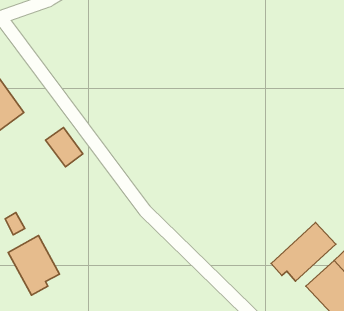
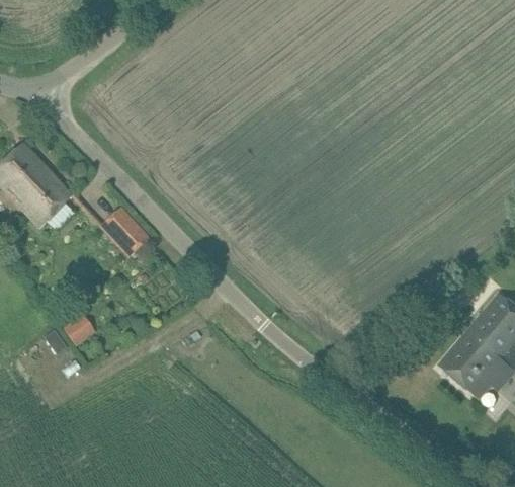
building: [271,222,336,281] -> none
building: [8,236,59,295] -> none

